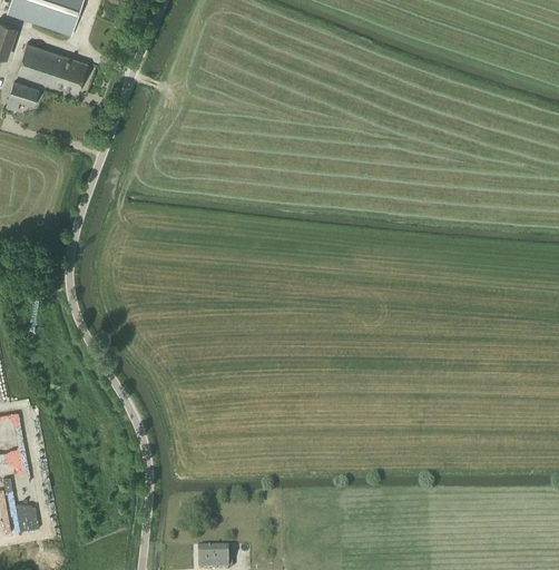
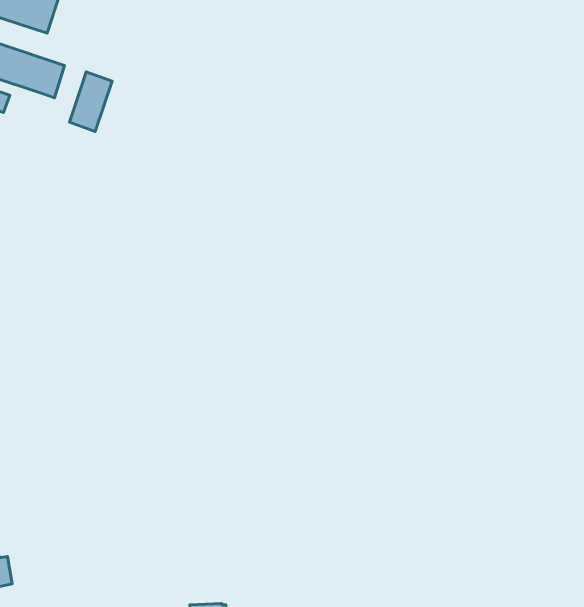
building: none -> [69,72,112,131]

